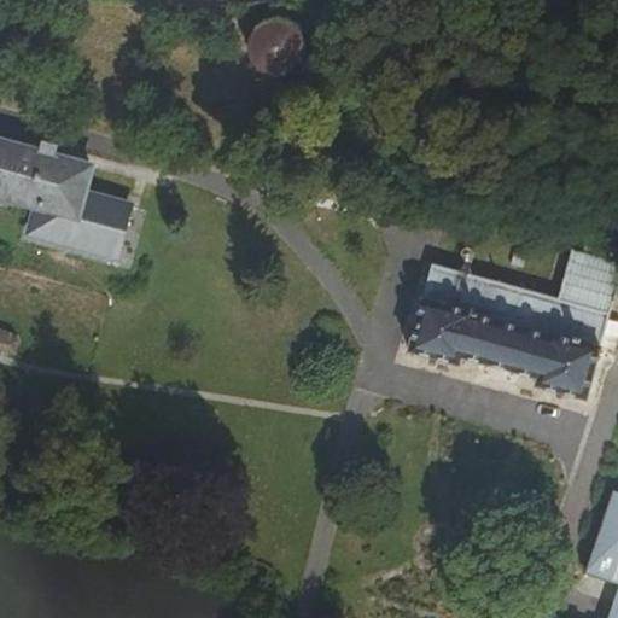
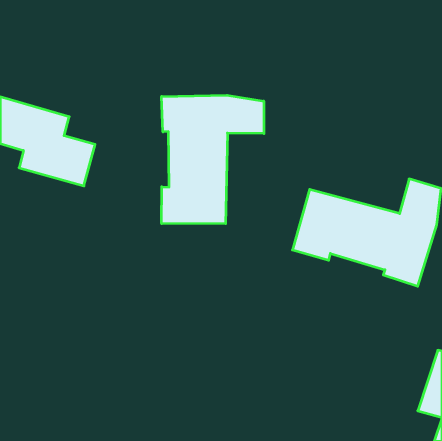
building: [244,22,305,83] -> none
building: none -> [162,95,264,224]

